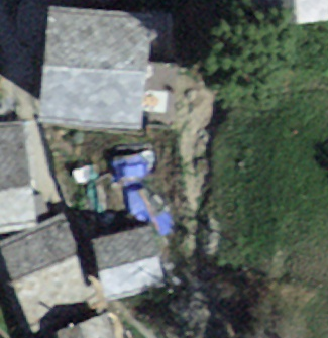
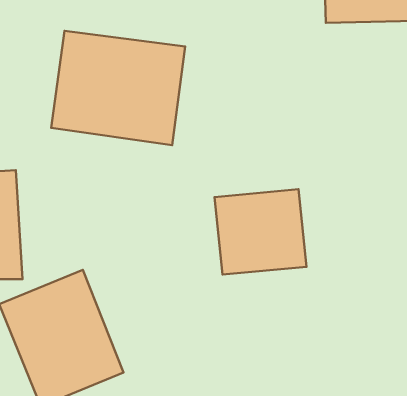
building: [92,226,162,292] -> [215,189,306,275]

